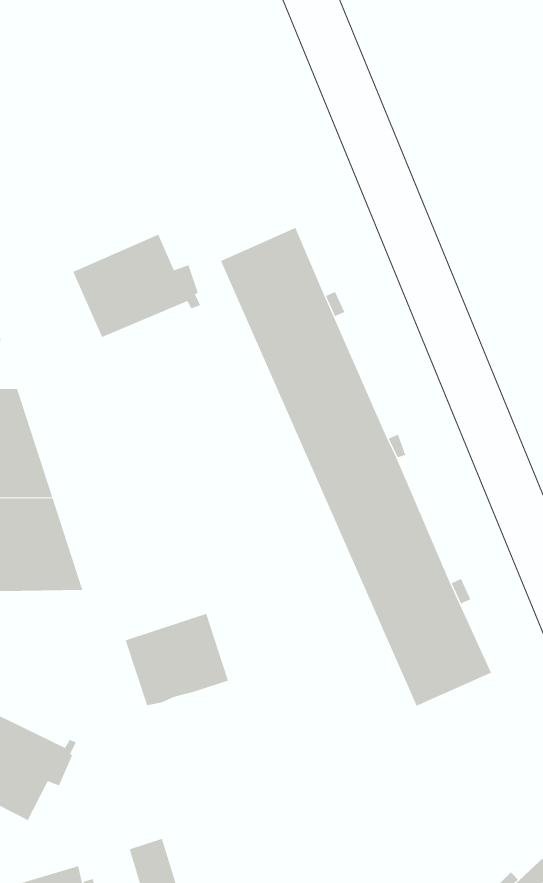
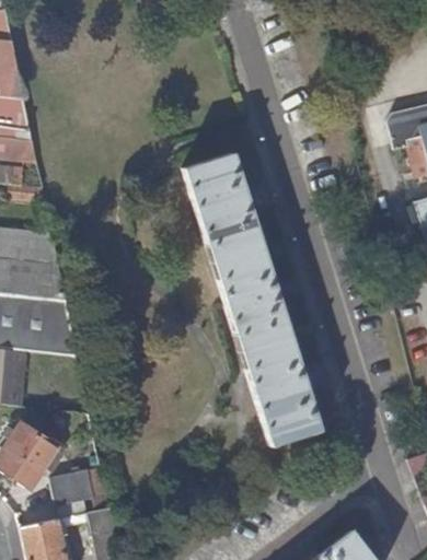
building: [73,234,201,338] -> none
building: [125,613,229,706] -> [50,466,109,517]

